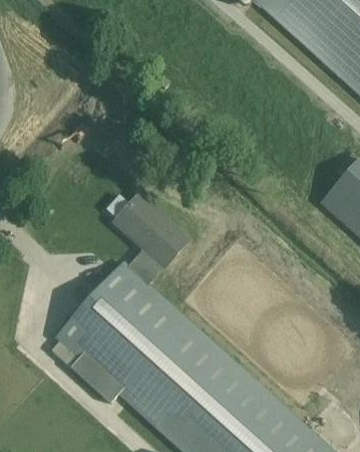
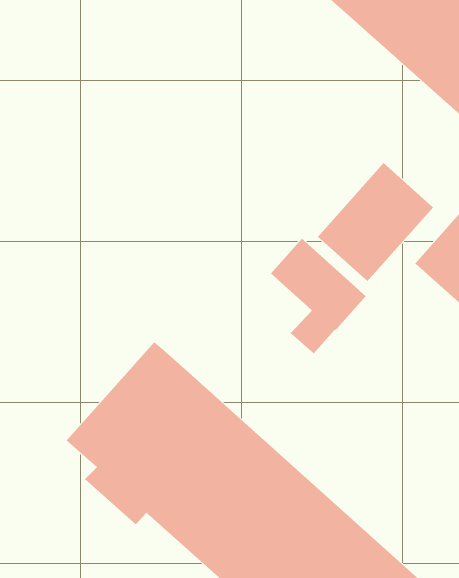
building: none -> [317,162,434,282]
building: [114,194,188,282] -> [270,238,367,354]

